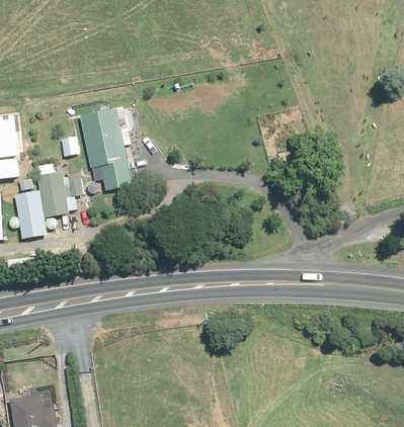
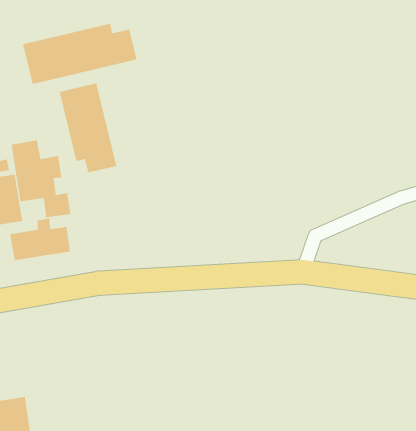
building: none -> [22,23,138,85]
building: none -> [9,217,71,261]

